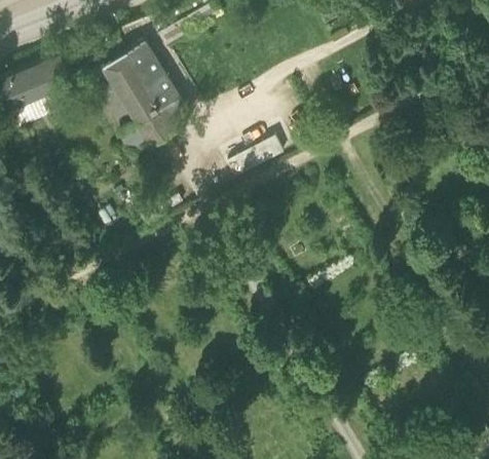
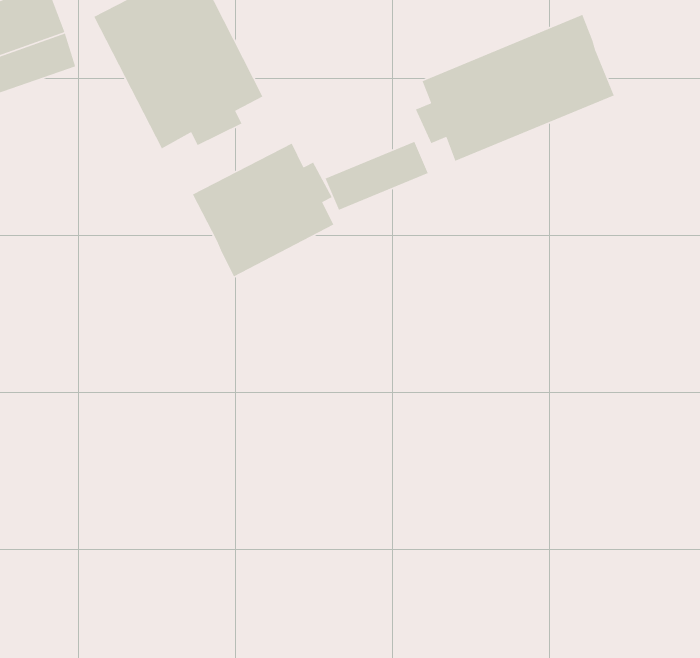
building: none -> [415,14,615,162]
building: none -> [192,142,335,278]

